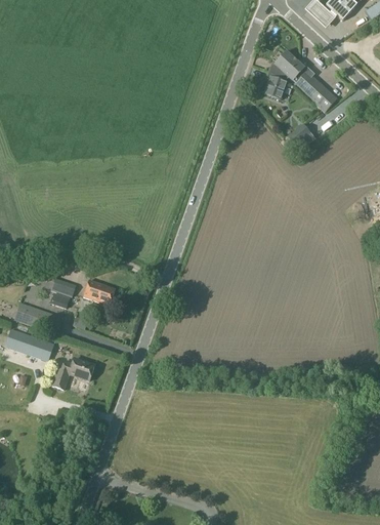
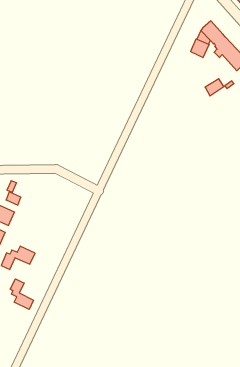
building: [84,278,116,304] -> none
building: none -> [10,279,34,309]

